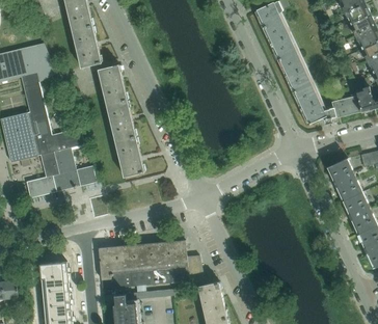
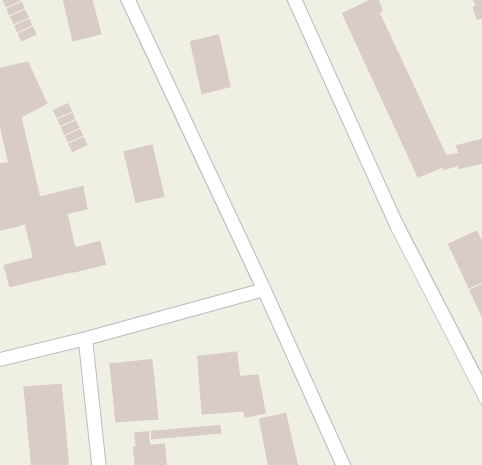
building: [73,26,102,68] -> none
building: [99,63,128,105] -> [189,33,232,95]
building: [115,136,144,177] -> none
building: [128,243,160,287] -> none

